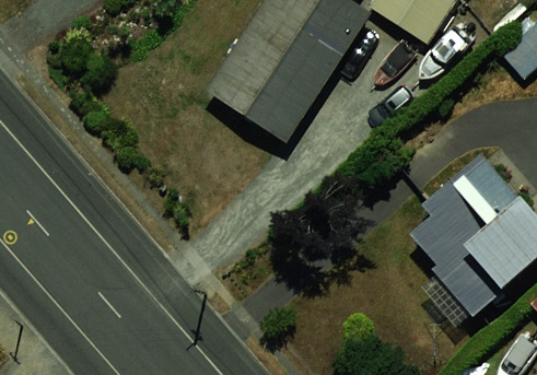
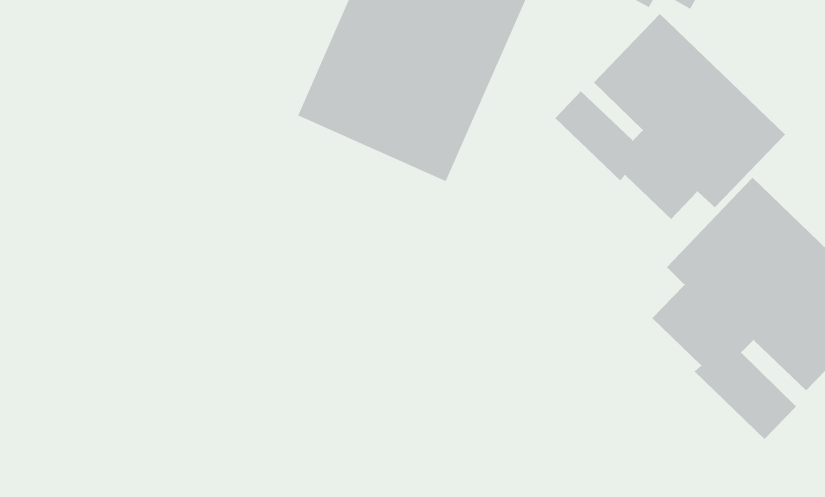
building: none -> [554,13,786,220]

